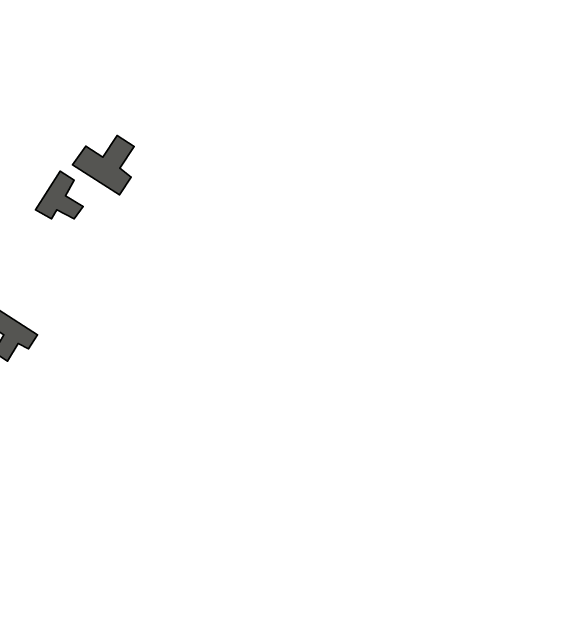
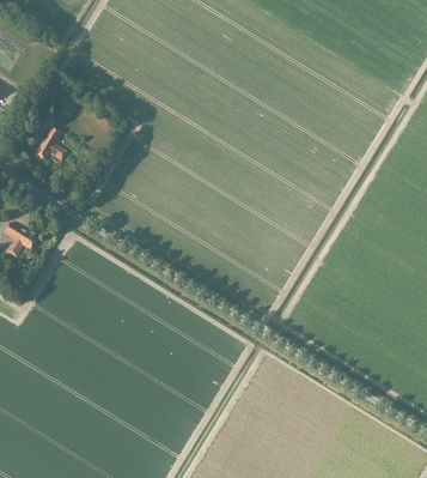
building: [72,136,134,195] -> none

